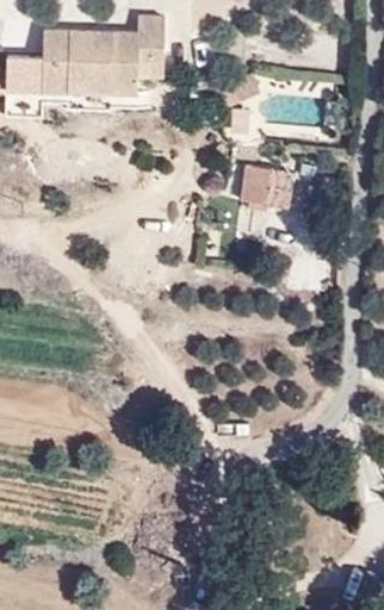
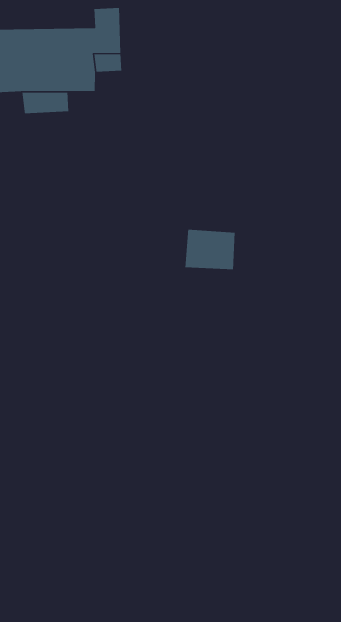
building: [239,164,289,206] -> [185,229,235,270]

